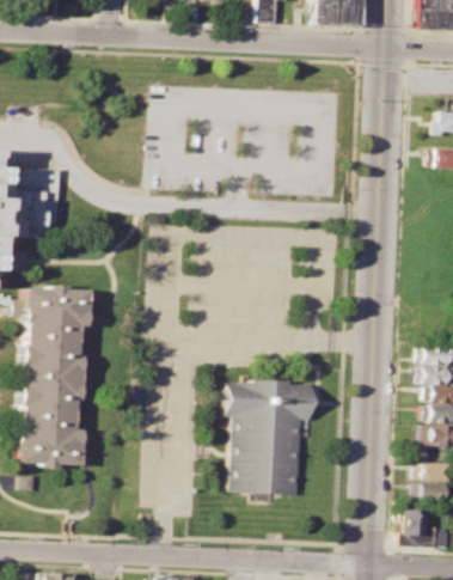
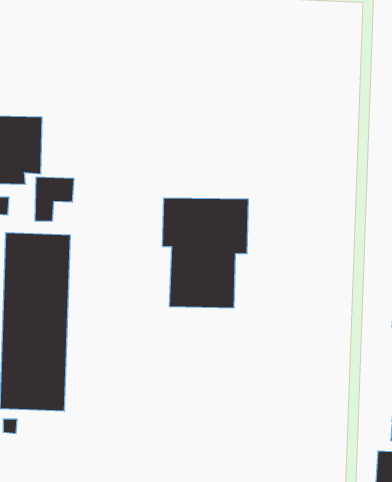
building: none -> [35,177,74,221]
building: [226,380,313,492] -> [162,198,248,308]

